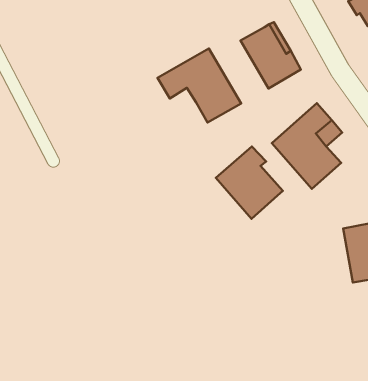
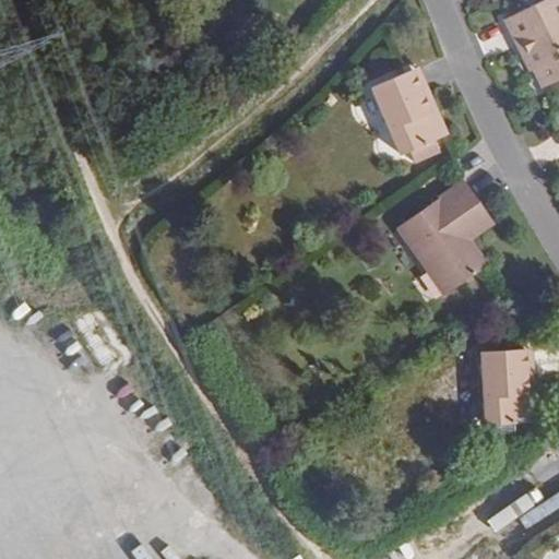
building: [157,49,241,123] -> none
building: [216,146,283,219] -> none

